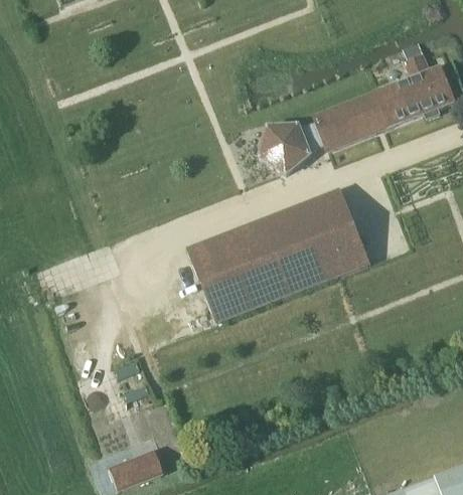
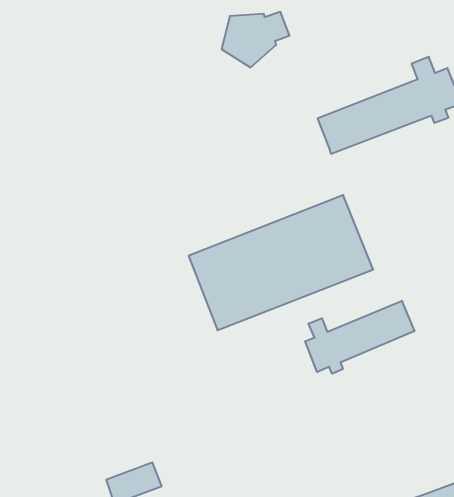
building: [259,121,325,175] -> [222,12,290,68]
building: none -> [305,301,414,374]

